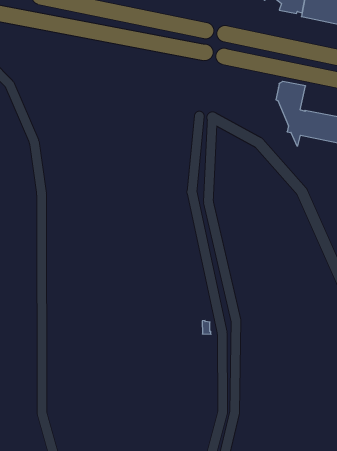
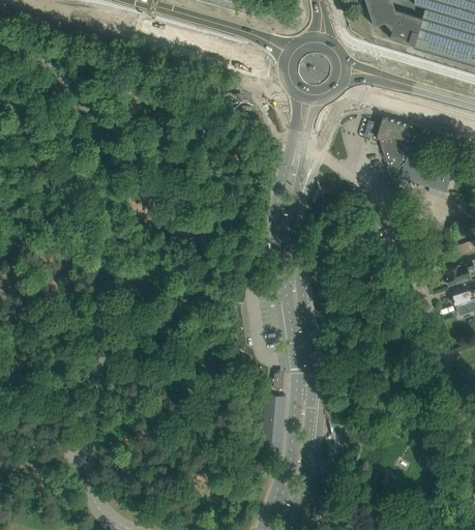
building: none -> [262,395,288,457]

